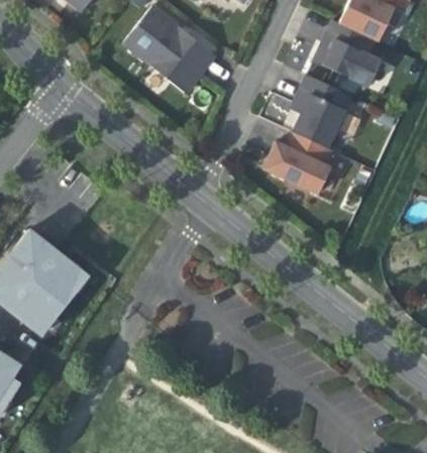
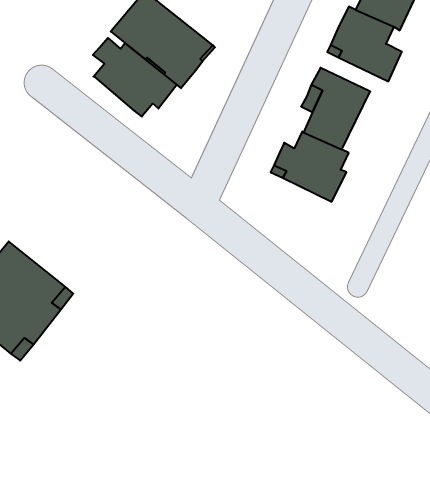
building: none -> [93,38,177,117]

